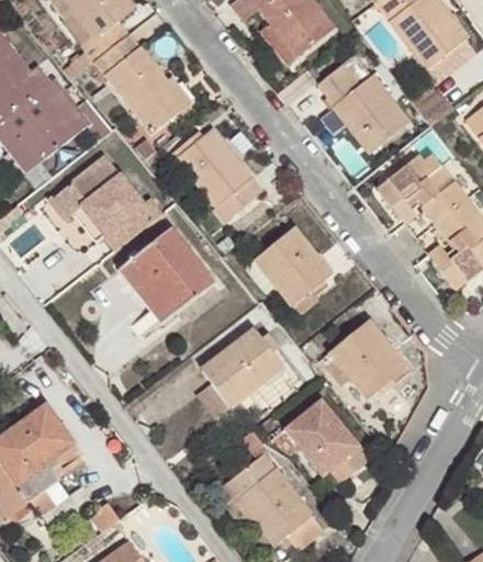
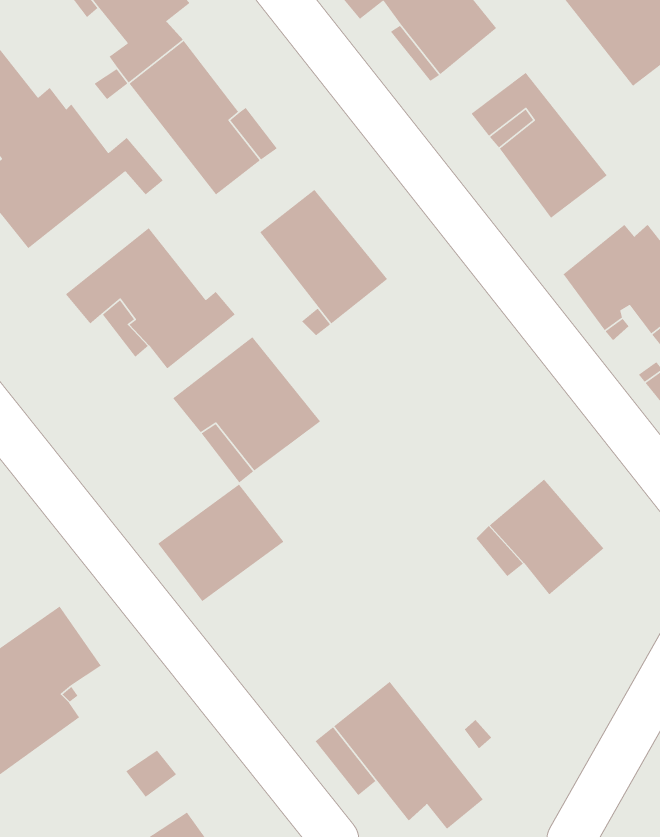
building: [256,228,330,305] -> none
building: [202,328,285,406] -> [157,483,284,602]
building: [285,400,369,480] -> none

